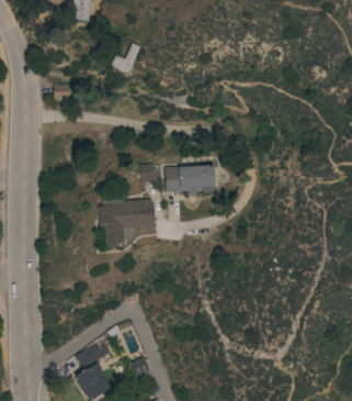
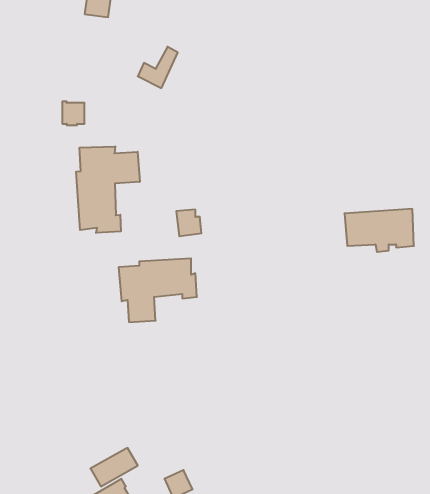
building: none -> [76,146,140,233]
building: [164,165,216,197] -> [344,209,414,252]

